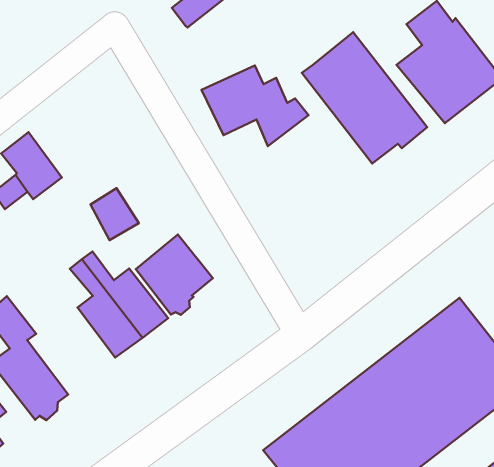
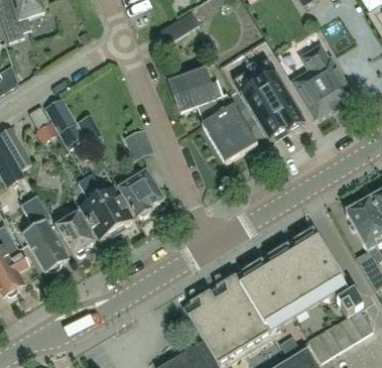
building: none -> [202,105,257,163]
building: [90,188,139,240] -> [124,128,152,159]
building: none -> [54,212,95,255]

